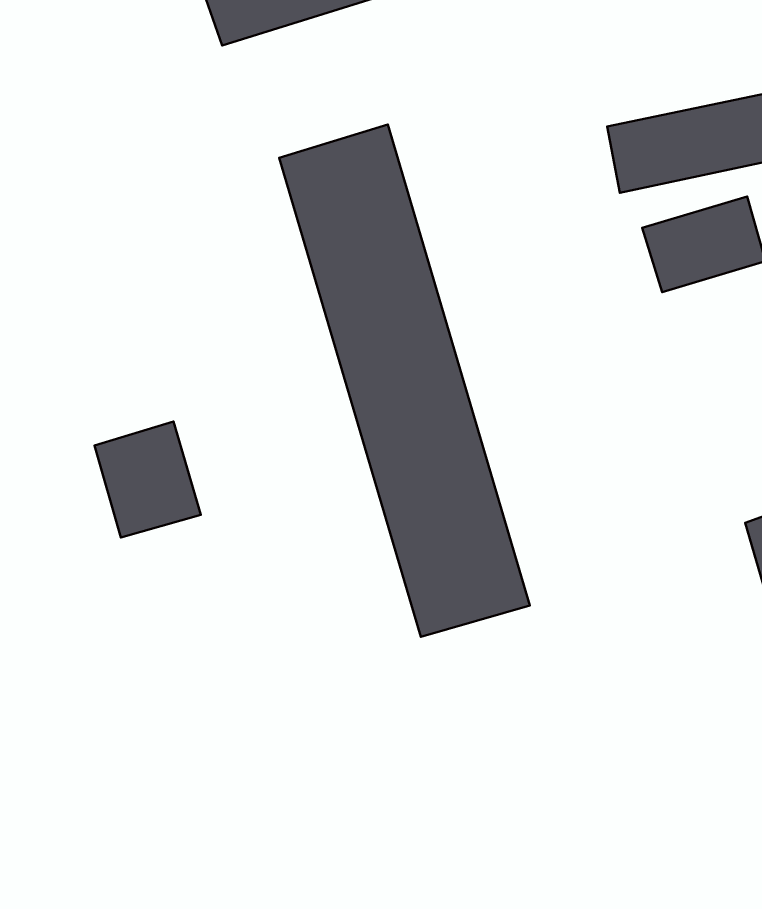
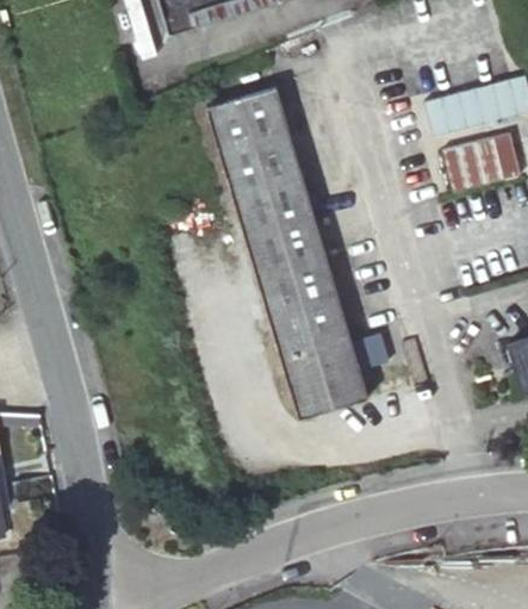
building: [94,421,201,537] -> none

